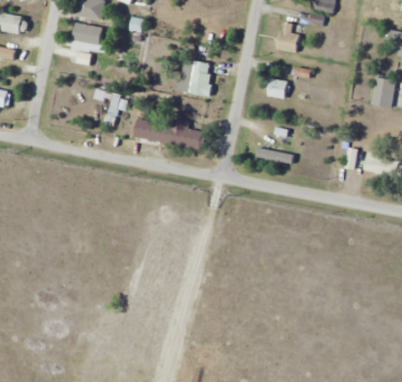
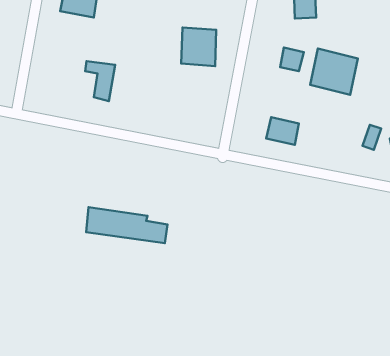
building: none -> [310,48,358,95]
building: [134,117,206,149] -> [86,207,167,243]

